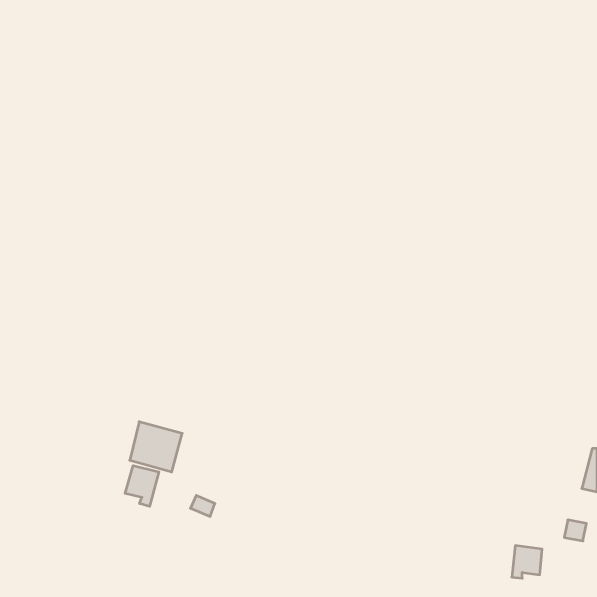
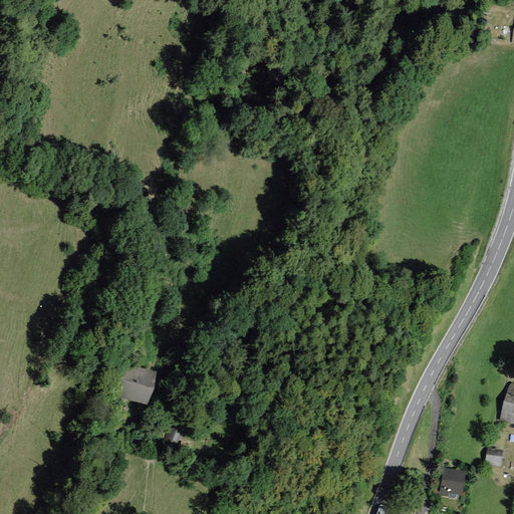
building: [125,466,159,506] -> none

